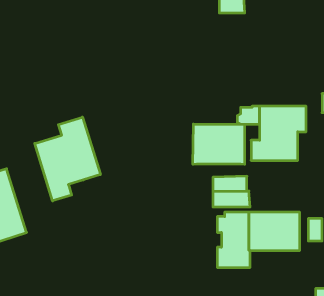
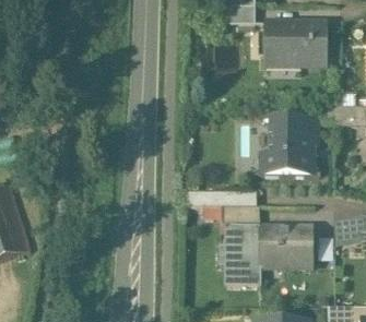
building: none -> [264,21,326,65]
building: [35,117,100,201] -> none
building: [193,124,245,164] -> none

